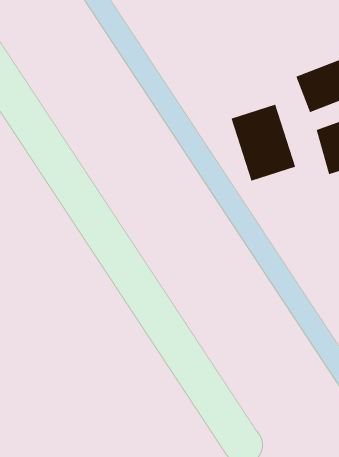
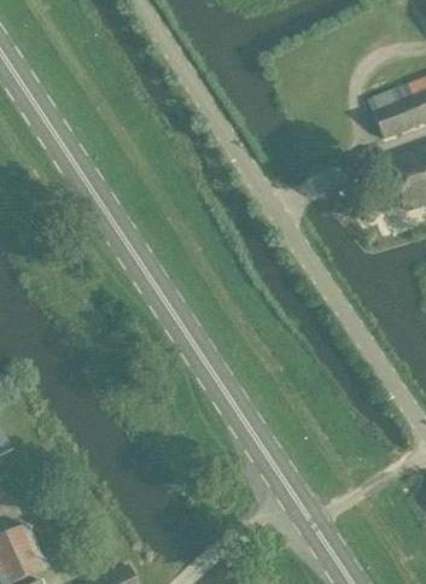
building: [231,104,296,182] -> none

